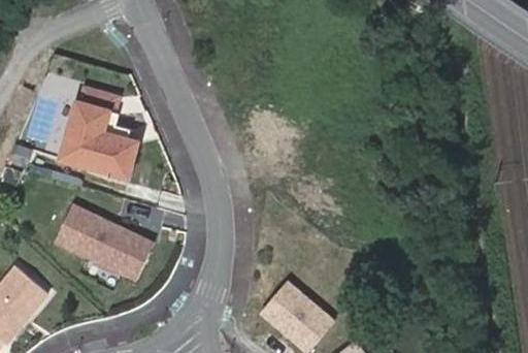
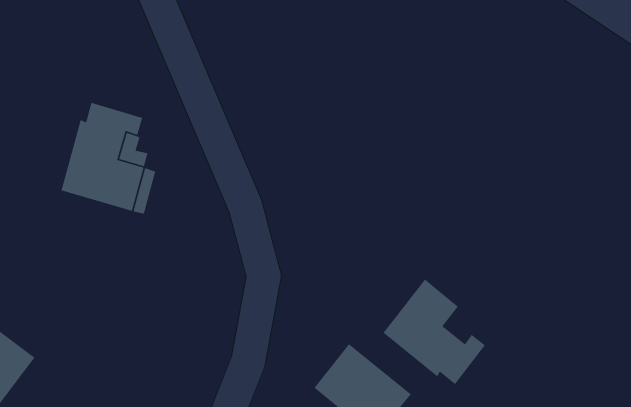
building: [51,203,148,278] -> none
building: none -> [382,278,486,385]

